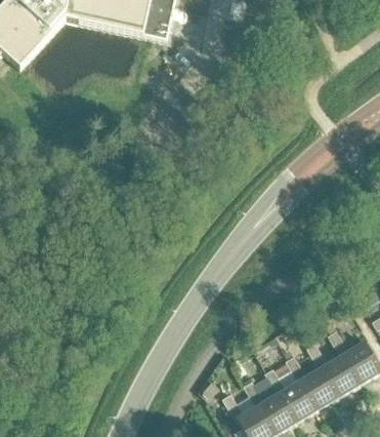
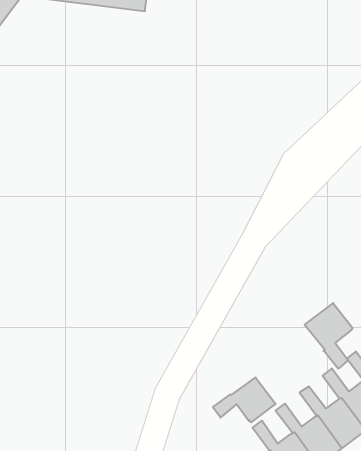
building: none -> [305,303,353,369]
building: none -> [213,377,276,422]

